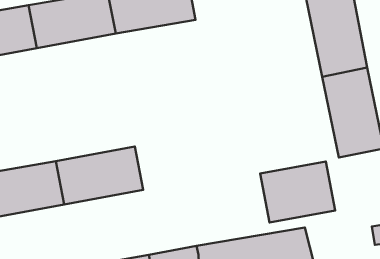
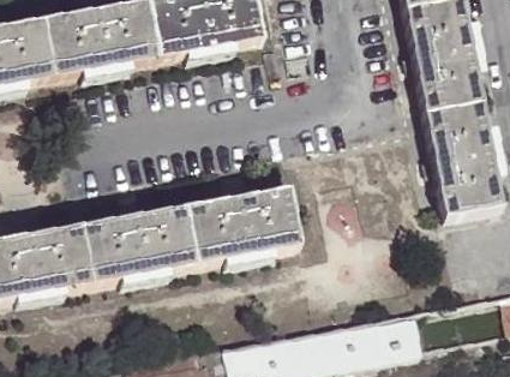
building: none -> [185,186,300,262]
building: [260,161,335,222] -> none

